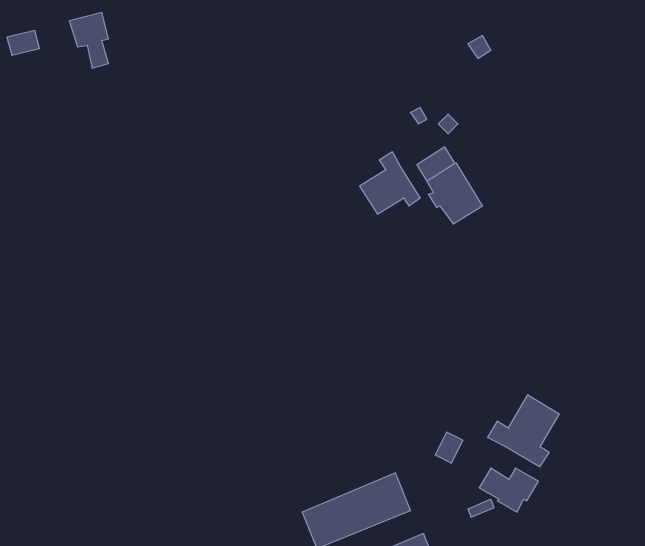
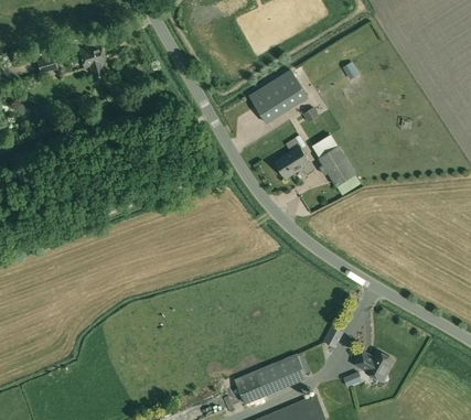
building: none -> [248,69,308,122]
building: [488,395,559,467] -> none

